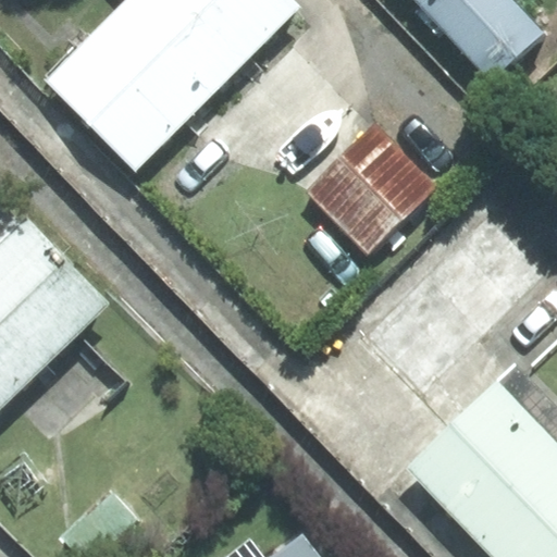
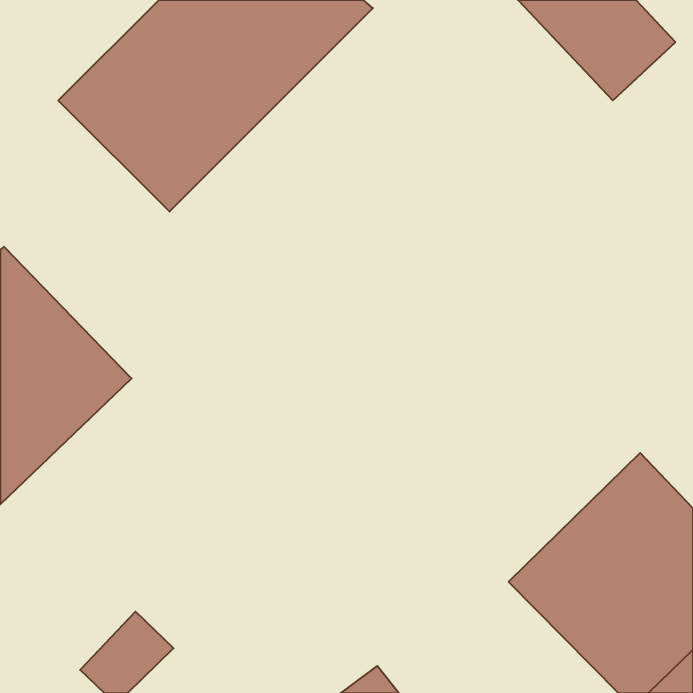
building: [307,124,435,252] -> none

